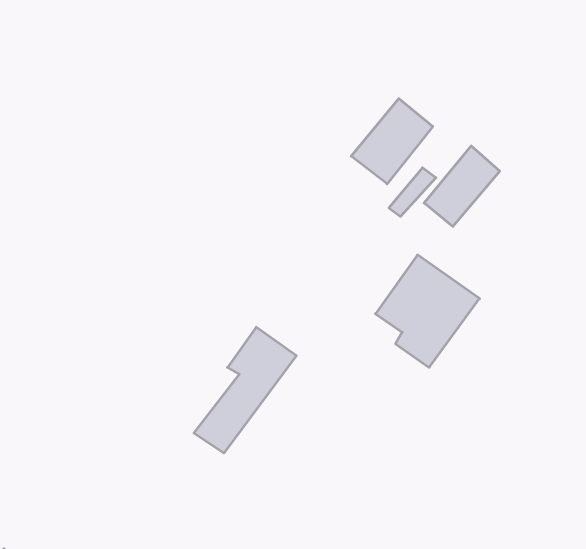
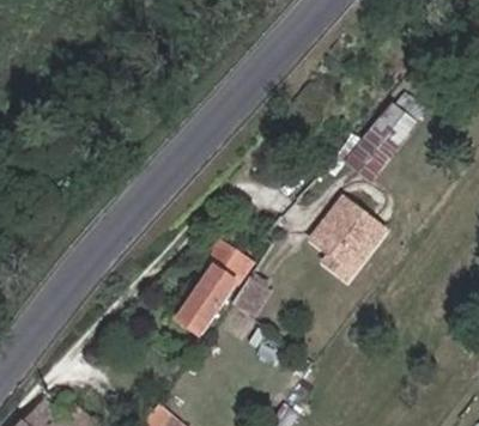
building: [351,99,433,184] -> none

